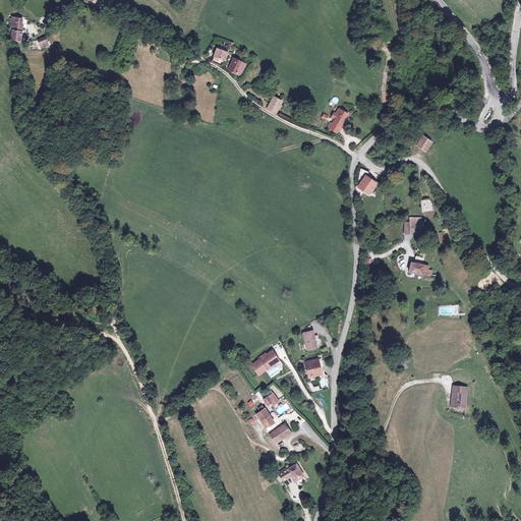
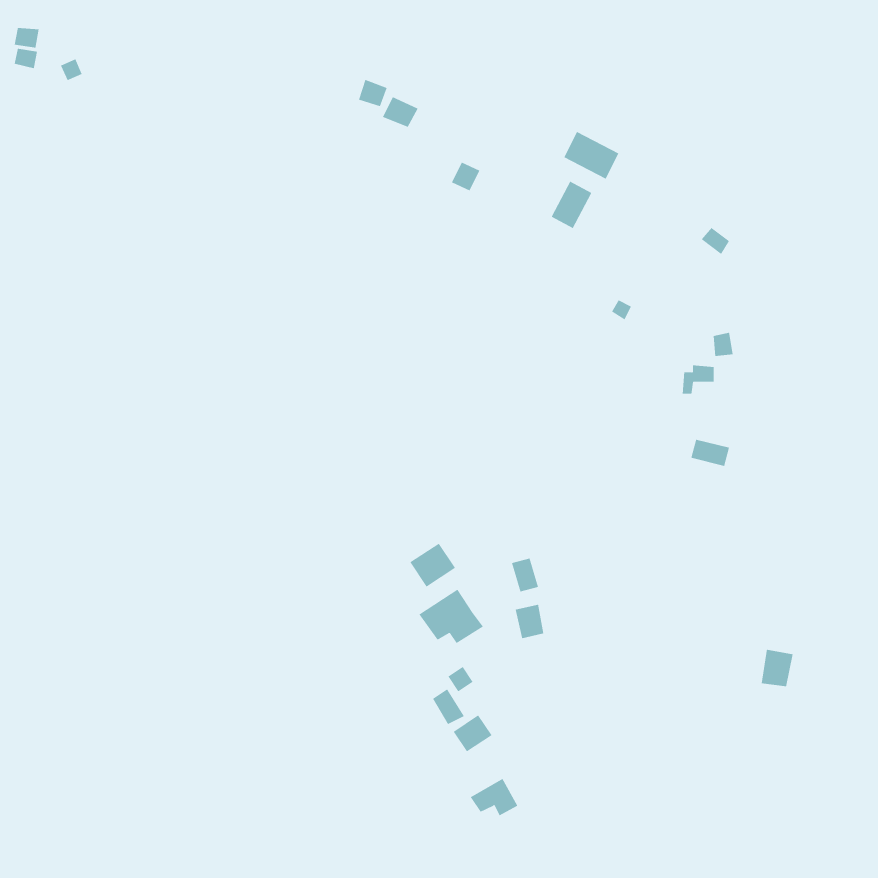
building: none -> [564,131,619,180]
building: none -> [409,543,456,587]

